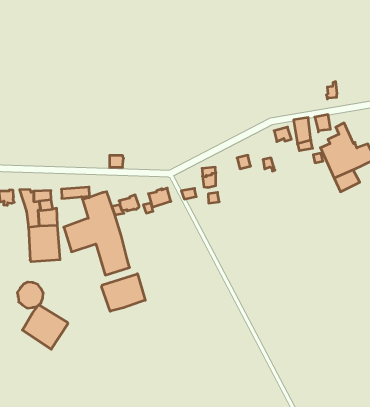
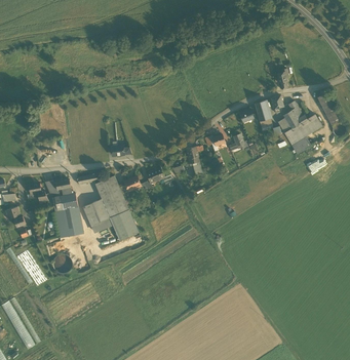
building: [102,274,145,311] -> none
building: [22,305,68,349] -> none

